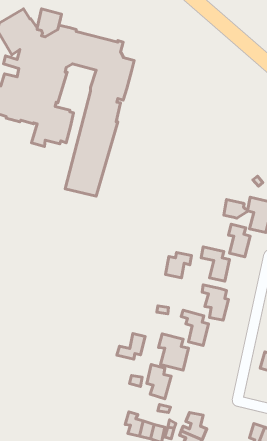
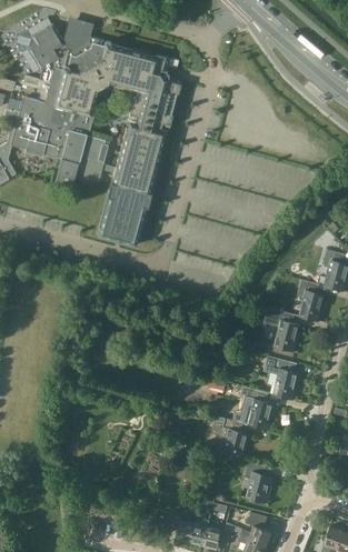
building: [224,199,248,218] -> none
building: [165,252,192,278] -> none
building: [117,334,145,359] -> none
building: [147,364,171,399] -> [243,461,274,503]

